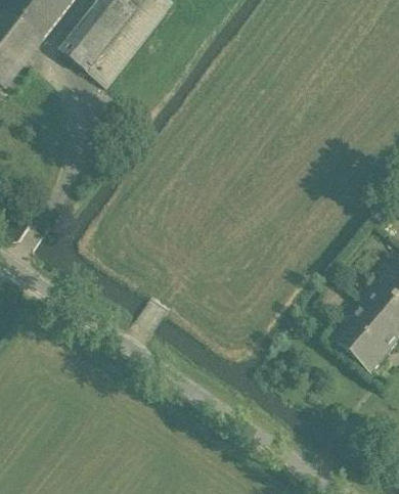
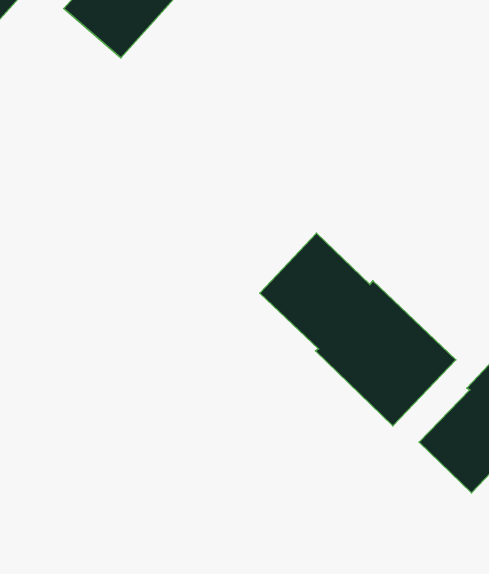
building: none -> [260,233,456,426]

